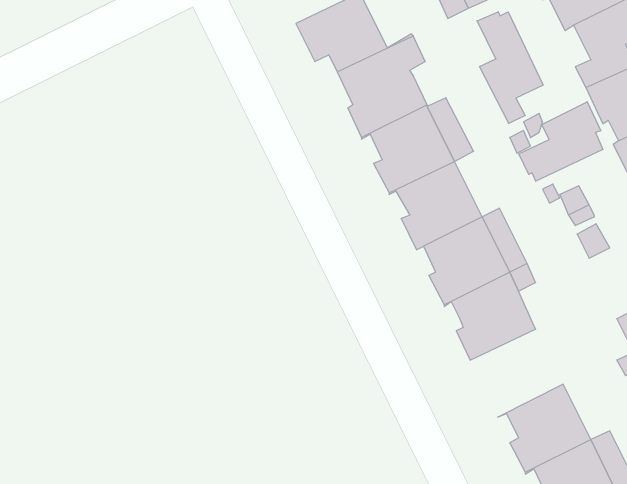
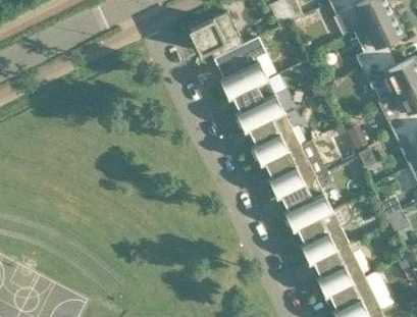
building: [477,12,543,123] -> none
building: [519,102,603,181] -> none
building: none -> [293,204,352,263]

